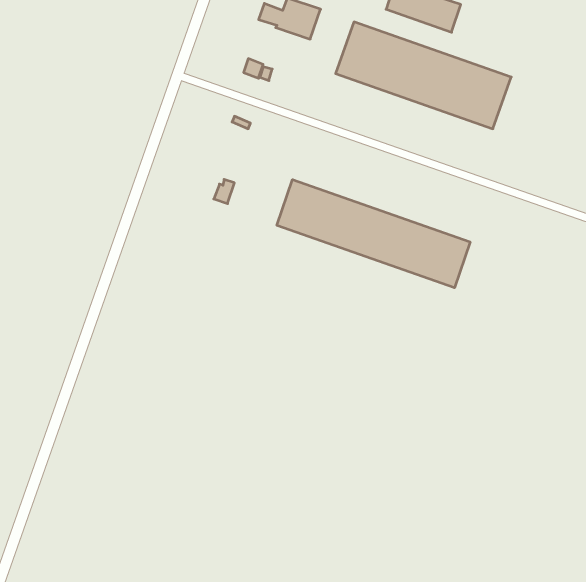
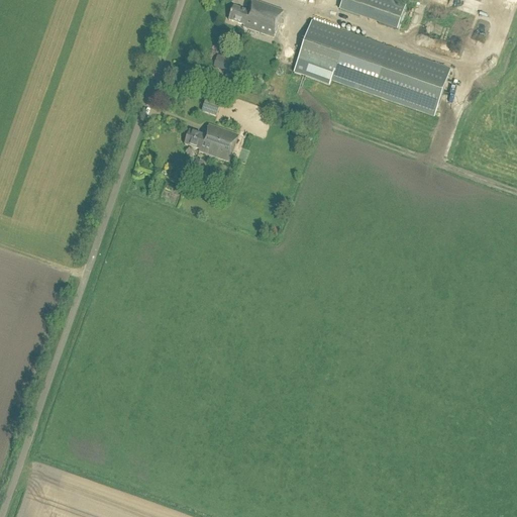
building: none -> [184,122,238,160]
building: [277,180,470,288] -> none

